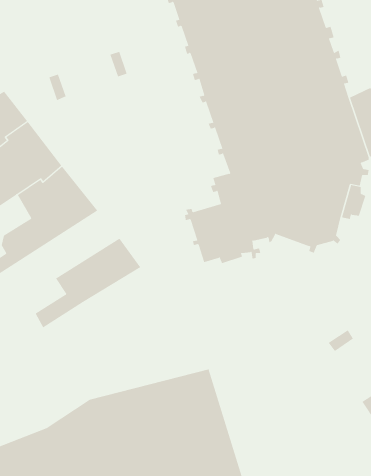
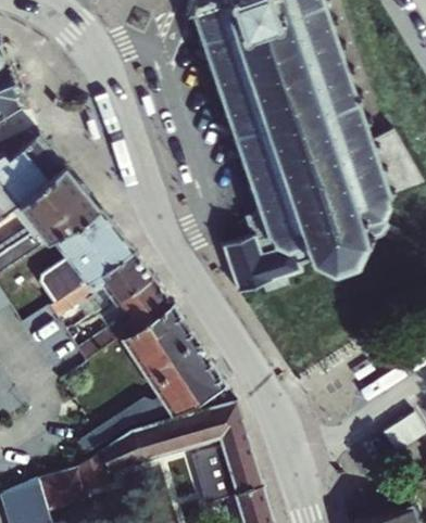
building: none -> [42,251,151,321]
building: none -> [72,305,226,450]

